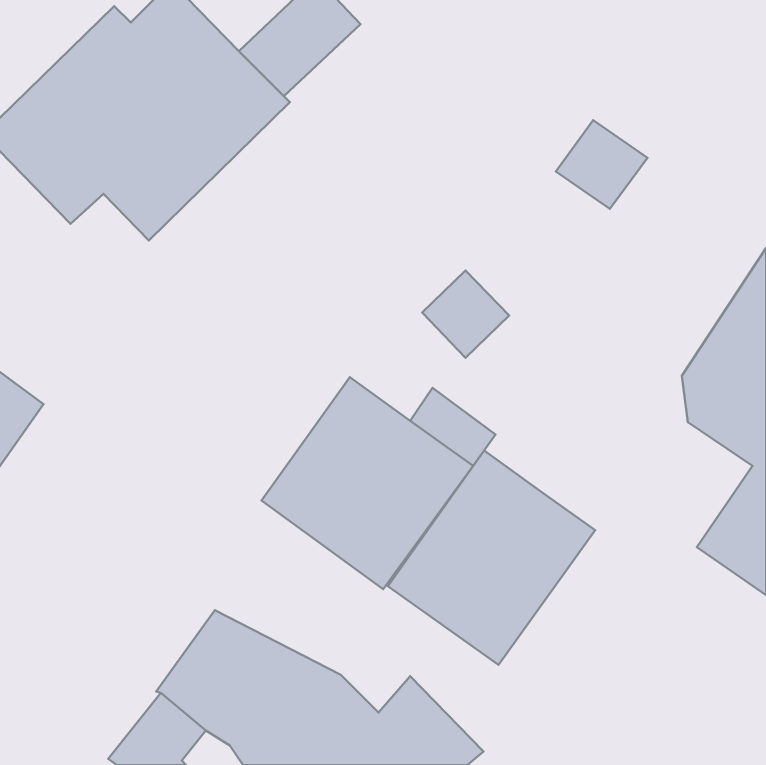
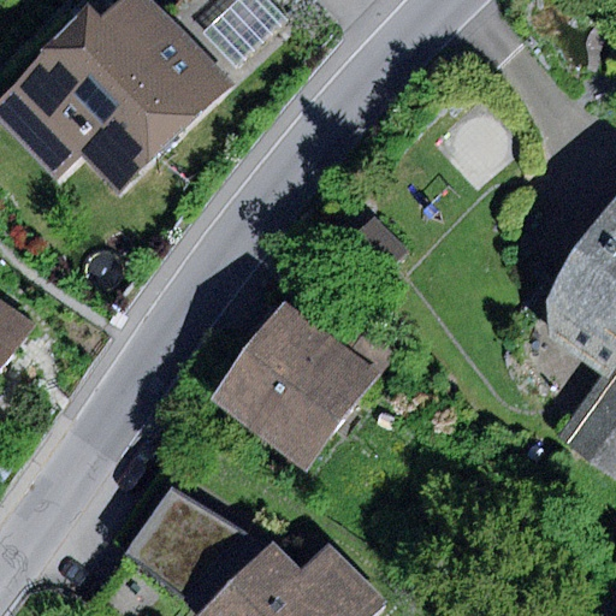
building: [388,450,595,665] -> none

